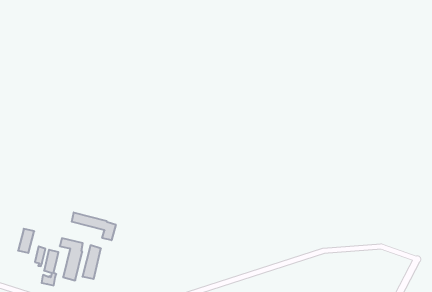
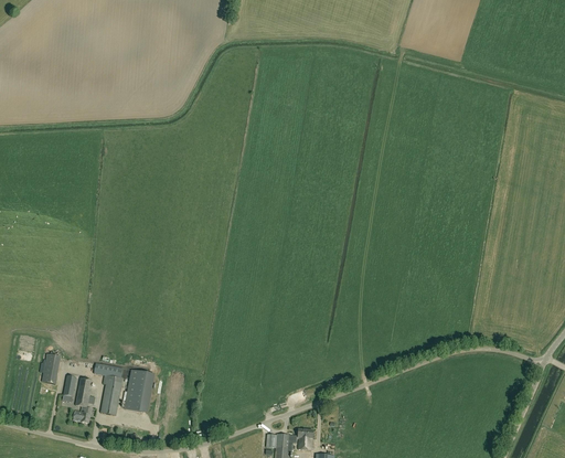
building: [72,212,116,240] -> none

